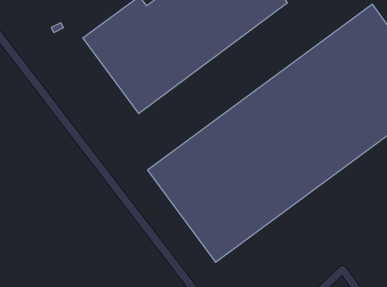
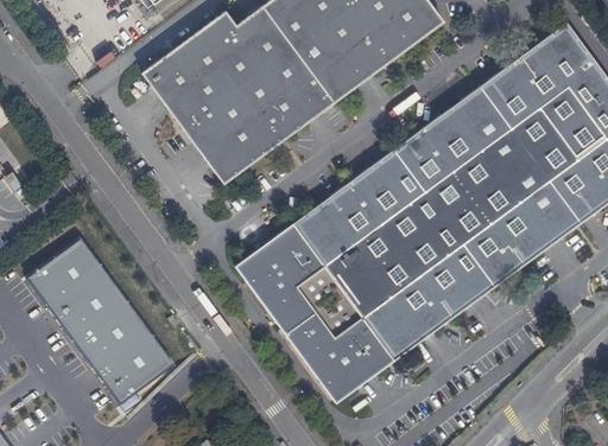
building: none -> [27,240,175,404]

